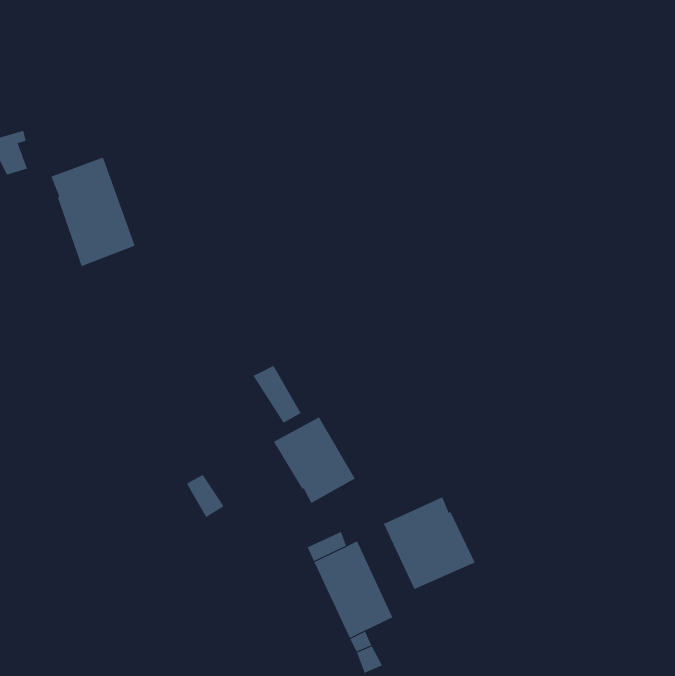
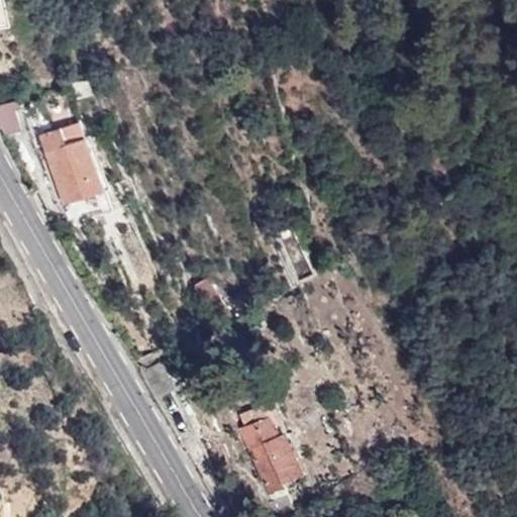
building: [273,416,355,504] -> none
building: [383,496,476,590] -> none

